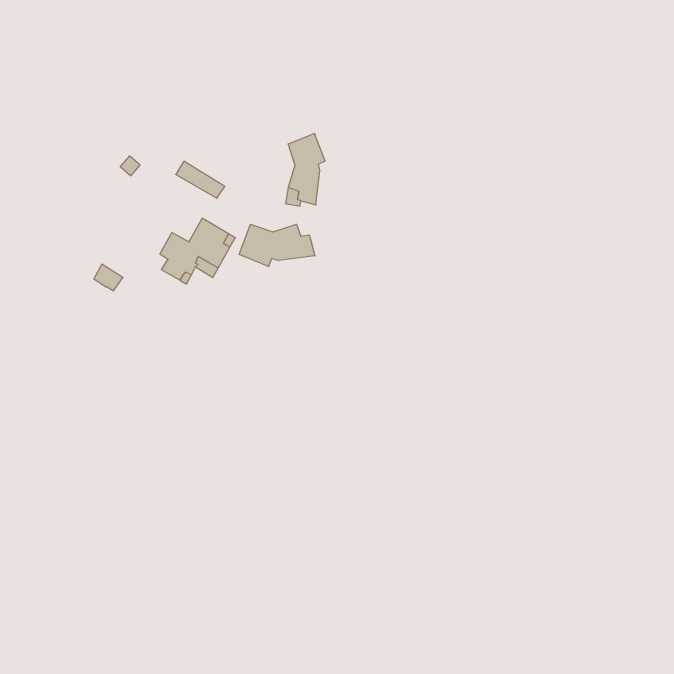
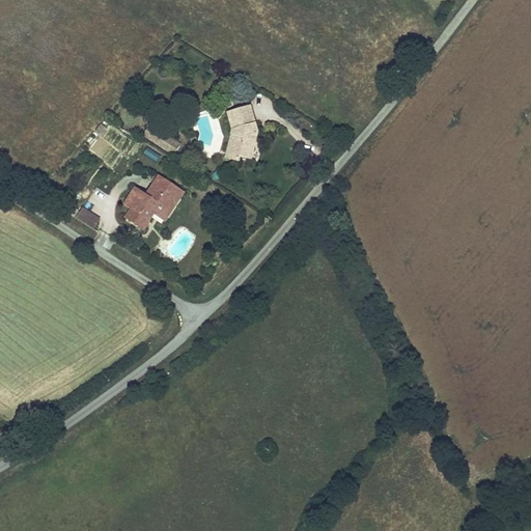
building: [239,224,315,267] -> none

